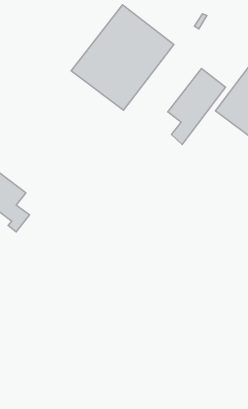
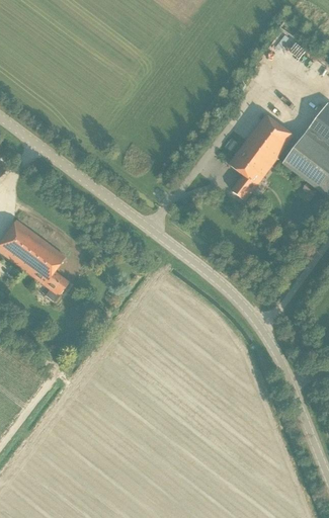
building: [71,5,174,110] -> none

